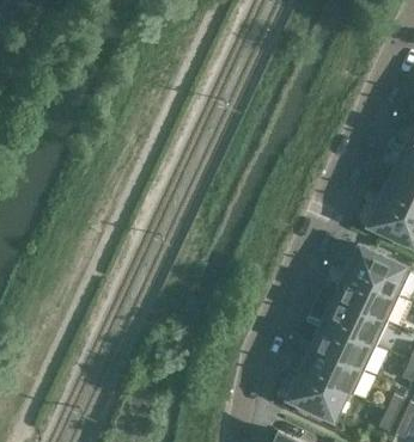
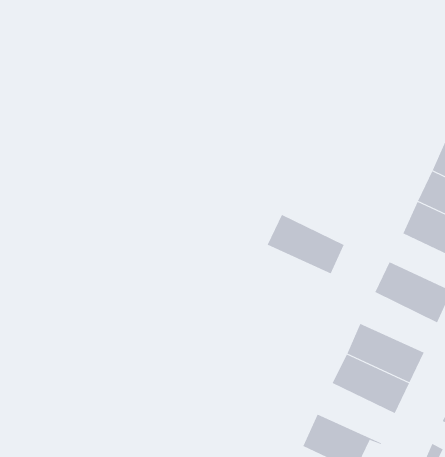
building: [334,271,397,320] -> [267,214,344,274]
building: [299,345,363,394] -> none

